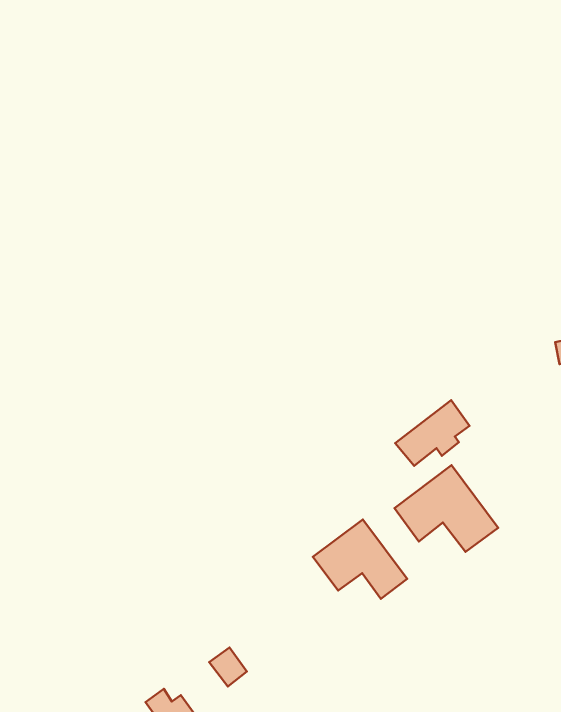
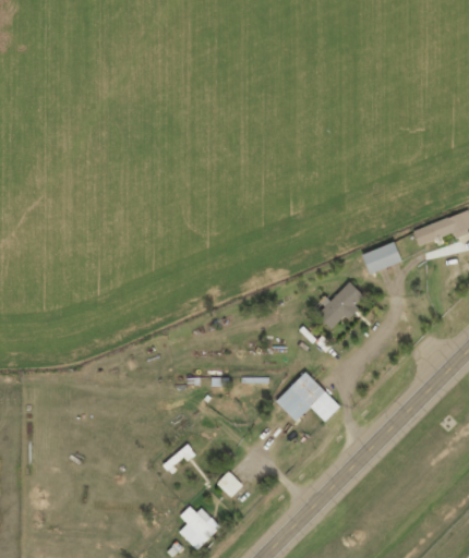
building: none -> [362,242,401,274]
building: [394,465,498,552] -> none

